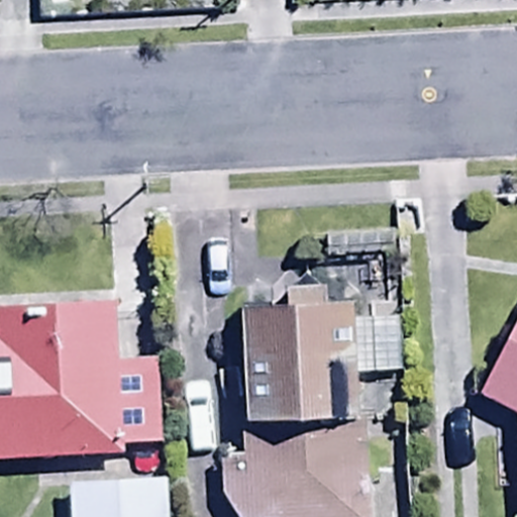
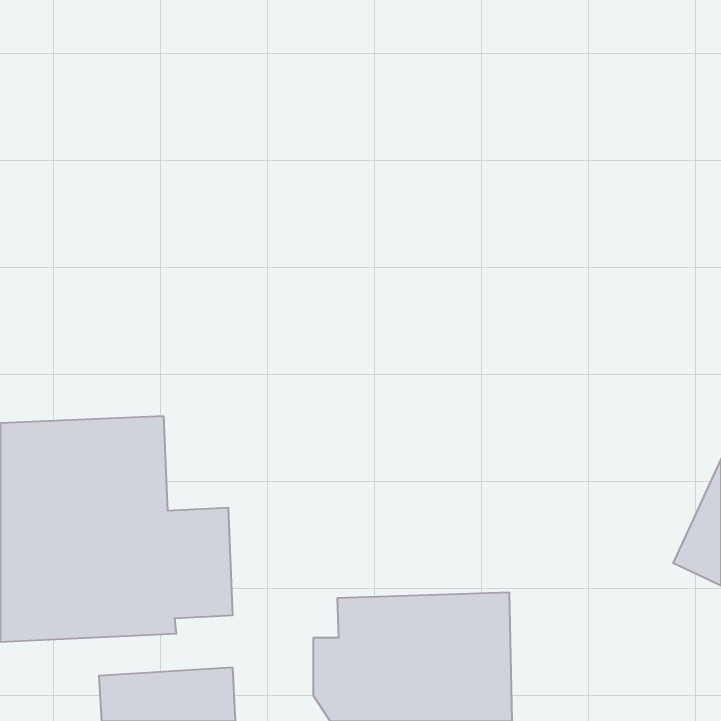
building: [242,291,403,422] -> none

